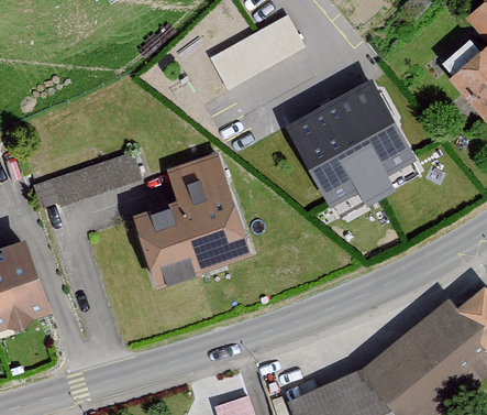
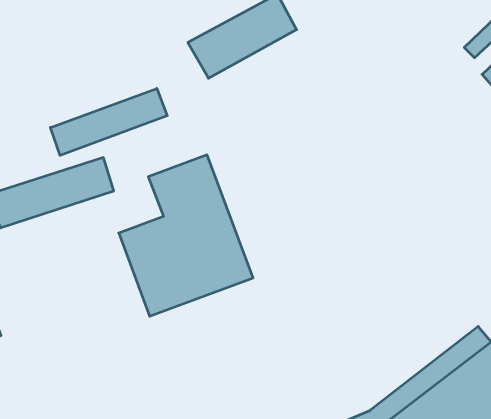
building: [286,80,407,198] -> none
building: none -> [50,88,167,155]

